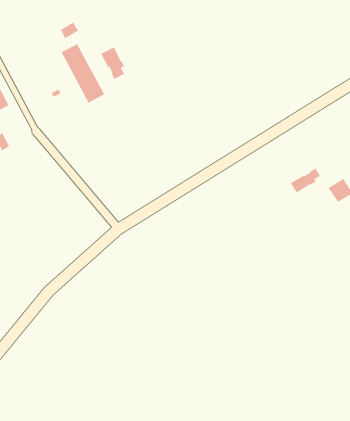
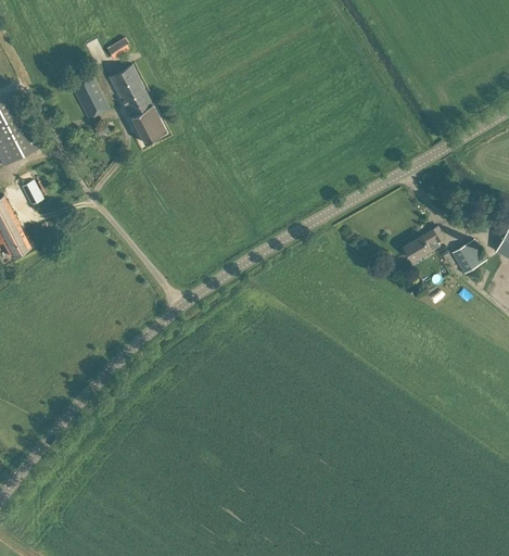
building: [100,46,125,80] -> none
building: none -> [68,73,107,118]

